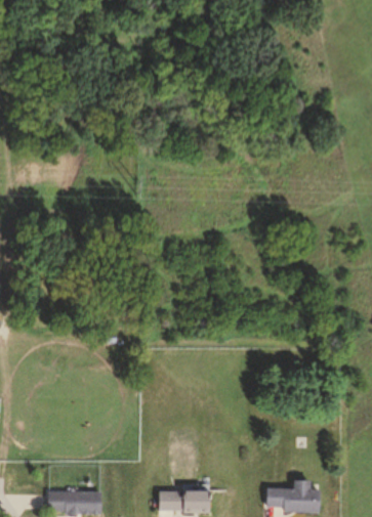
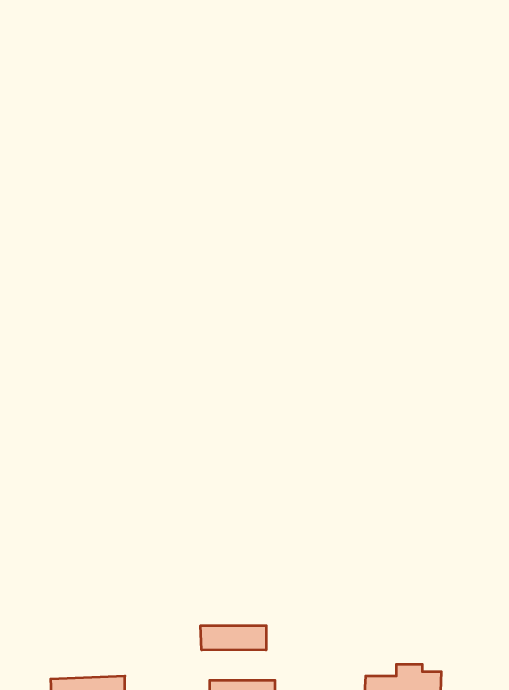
building: none -> [201,626,266,650]

